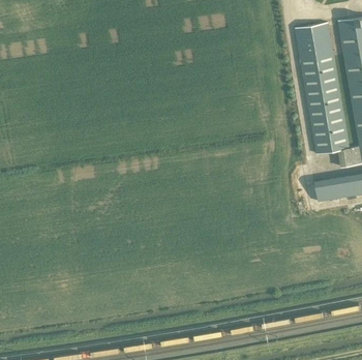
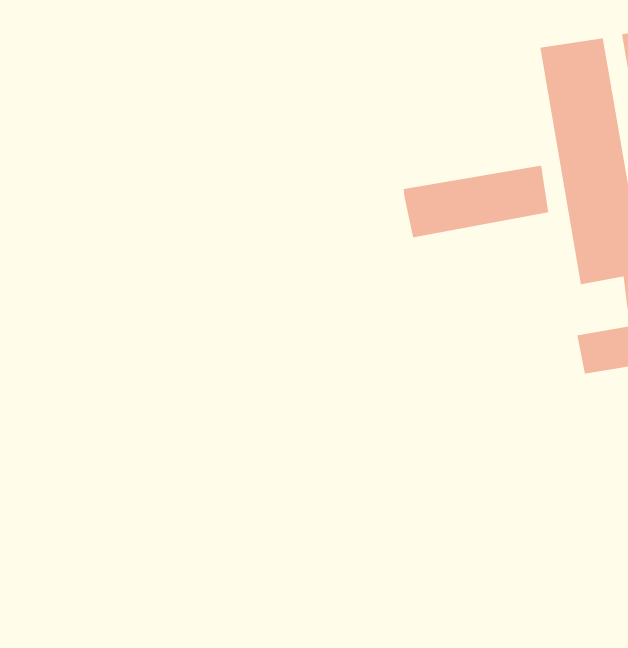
building: none -> [403,165,549,238]

